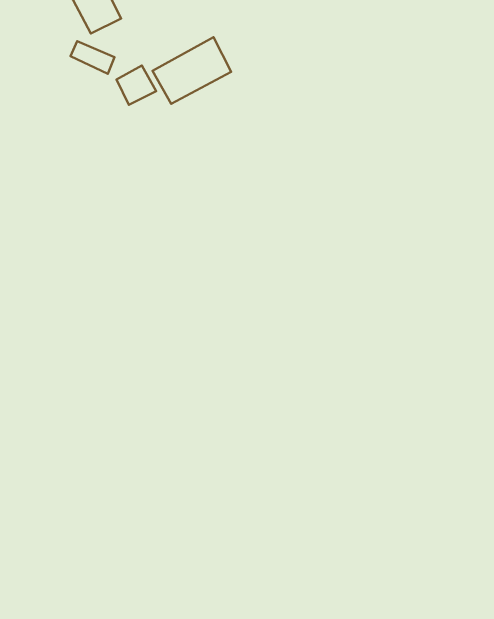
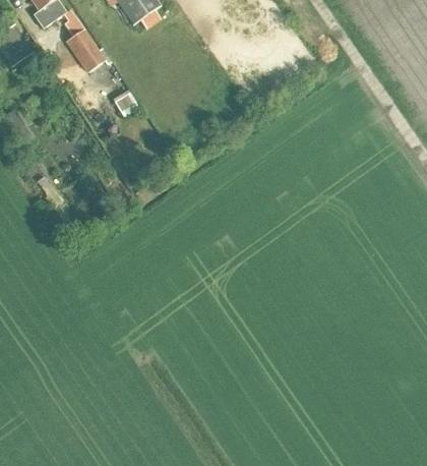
building: [153,37,231,104] -> none

